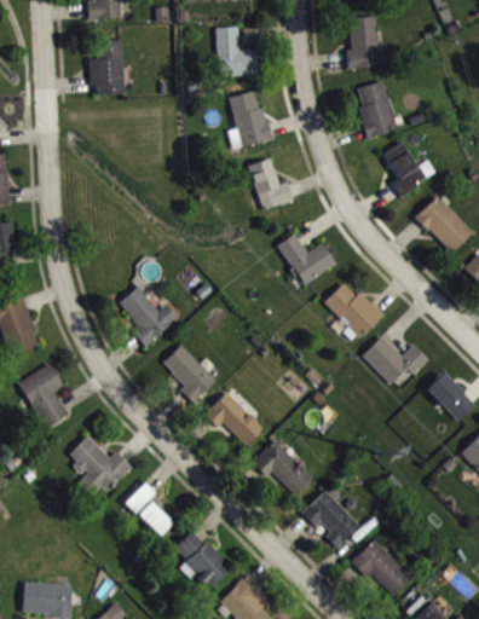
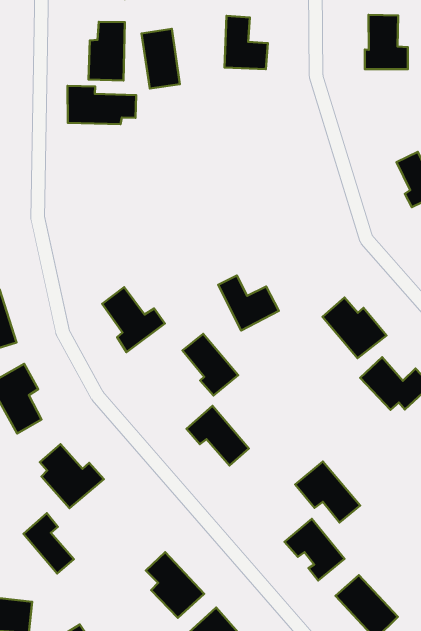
building: [357,80,397,138] -> none
building: [230,89,269,146] -> [142,29,180,89]
building: none -> [68,86,136,124]
building: [247,157,294,210] -> none
building: [278,233,336,284] -> [218,276,279,330]
building: [163,345,217,401] -> [182,334,238,396]
building: [252,439,313,494] -> [295,461,360,522]
building: [125,481,173,537] -> [23,513,74,574]

